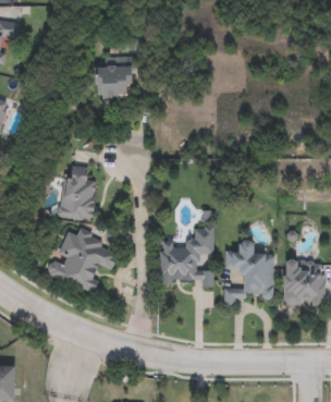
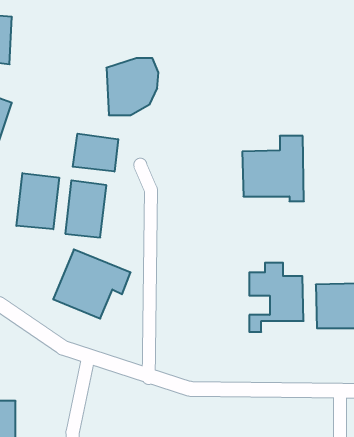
building: none -> [73,134,118,172]
building: none -> [16,173,59,229]
building: [158,228,213,287] -> [242,136,304,201]

